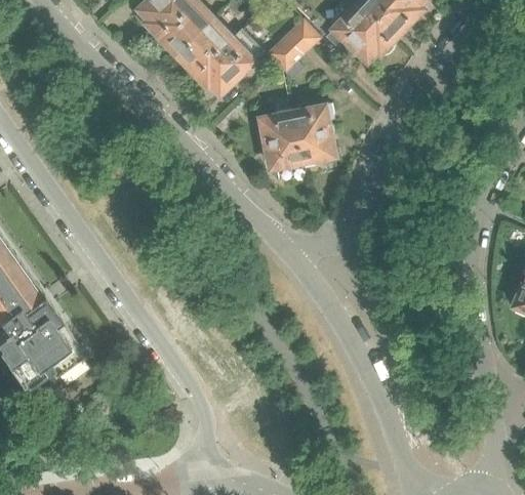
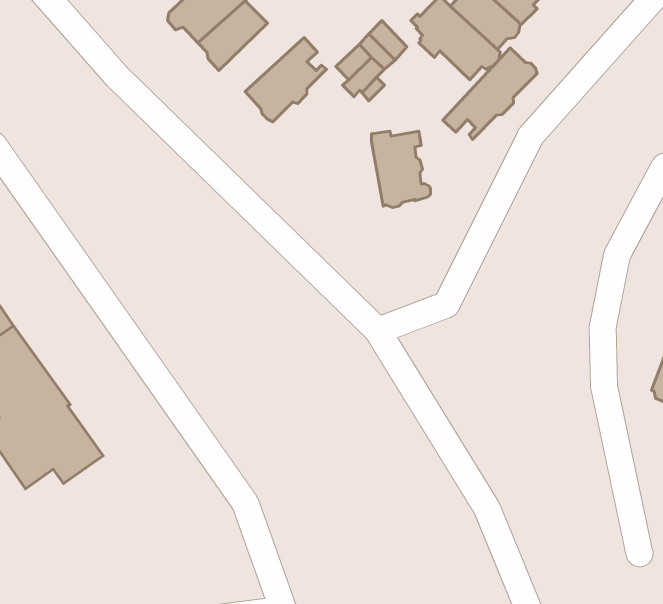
building: [173,19,240,73] -> none
building: none -> [443,48,537,140]
building: [254,112,301,168] -> none

